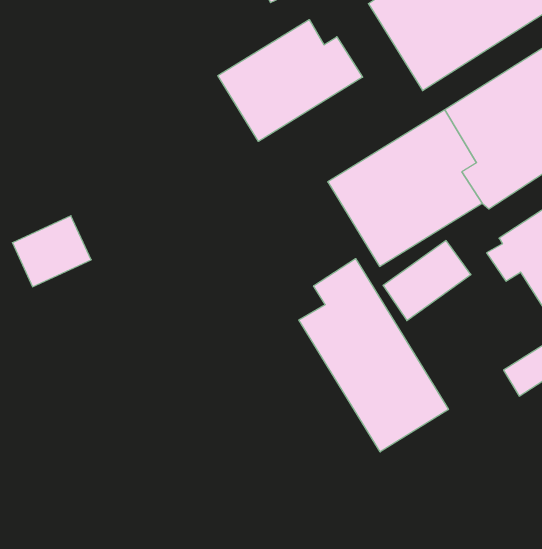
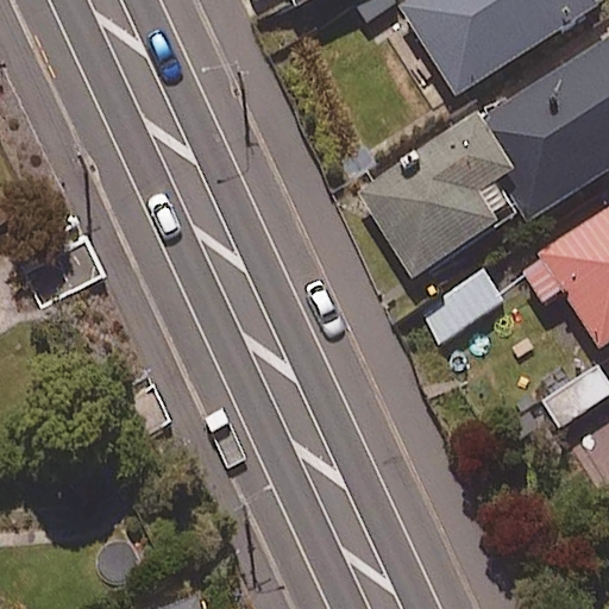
building: [218,20,363,141] -> none
building: [299,259,448,452] -> none

